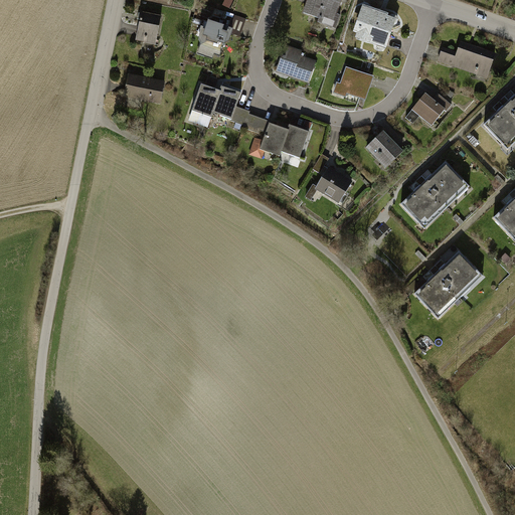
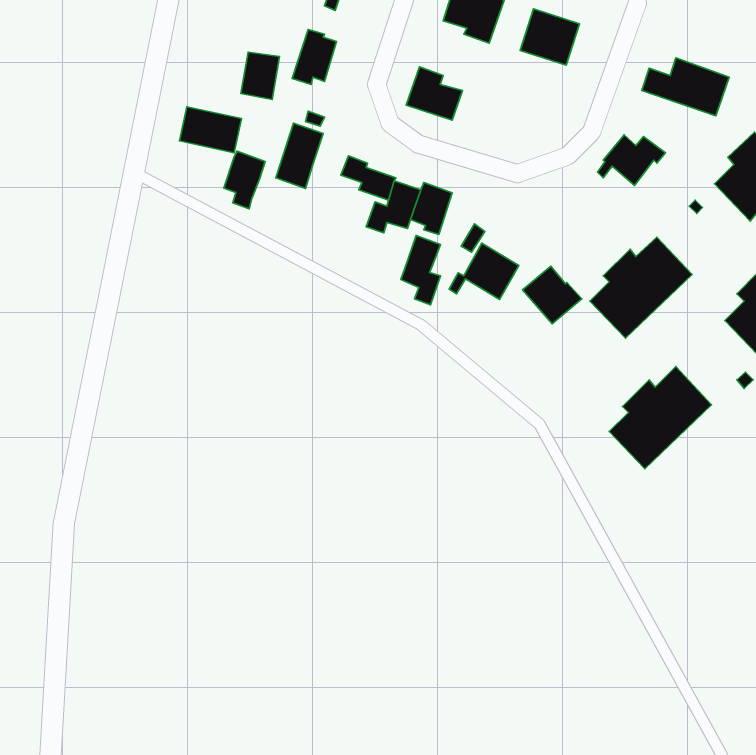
building: [136,12,162,44] -> [241,52,279,100]
building: [331,64,373,99] -> none
building: [213,87,241,126] -> [224,151,265,209]
building: [364,129,404,168] -> [523,266,582,324]
building: none -> [401,236,440,305]

